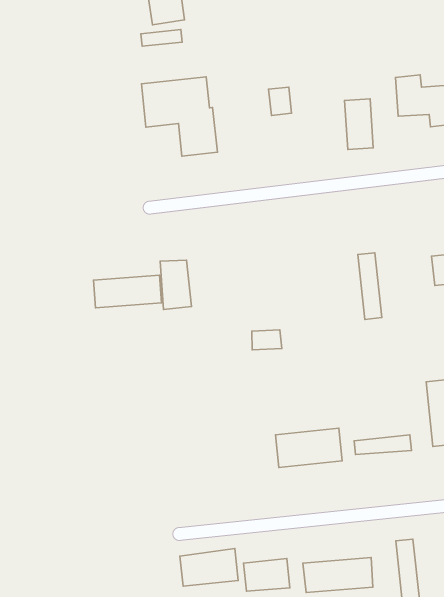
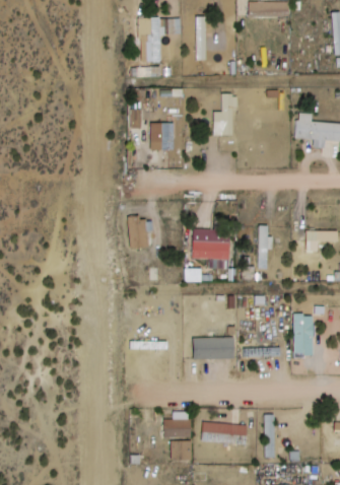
building: [345,99,373,149] -> none
building: none -> [192,230,232,261]
building: [93,275,162,308] -> none
building: [180,549,238,586] -> none

